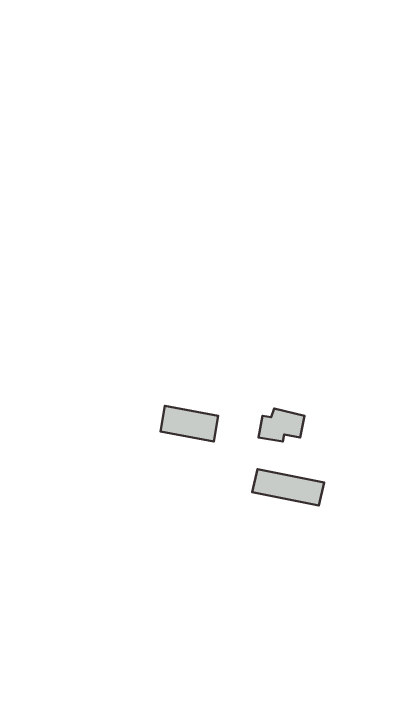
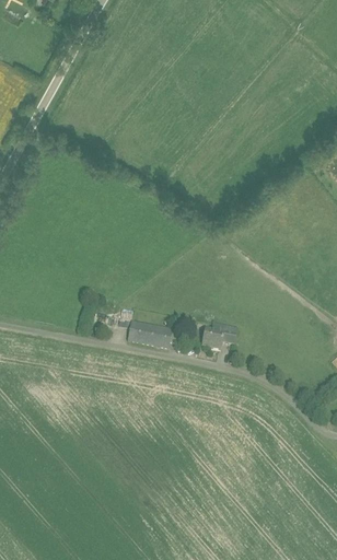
building: [252,469,324,506] -> none

